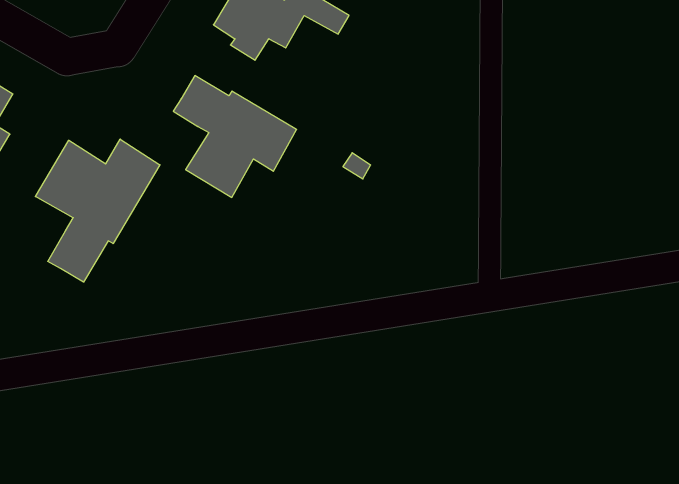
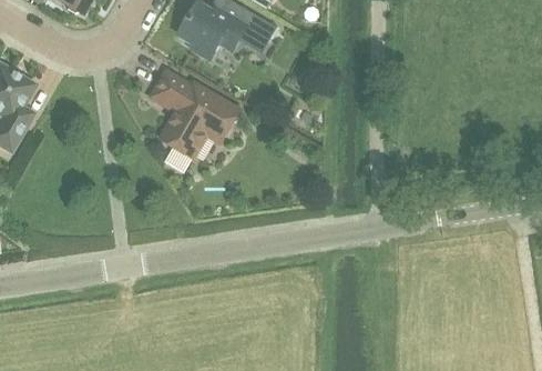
building: [35,139,160,282] -> none

